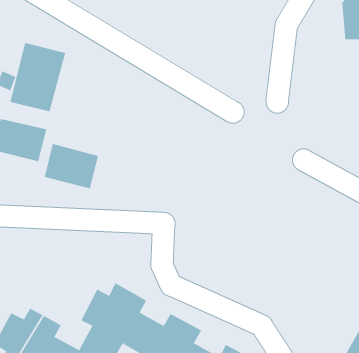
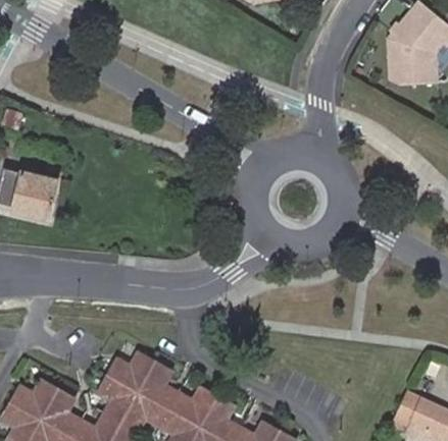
building: [10,42,66,112] -> none
building: [44,143,98,189] -> none

